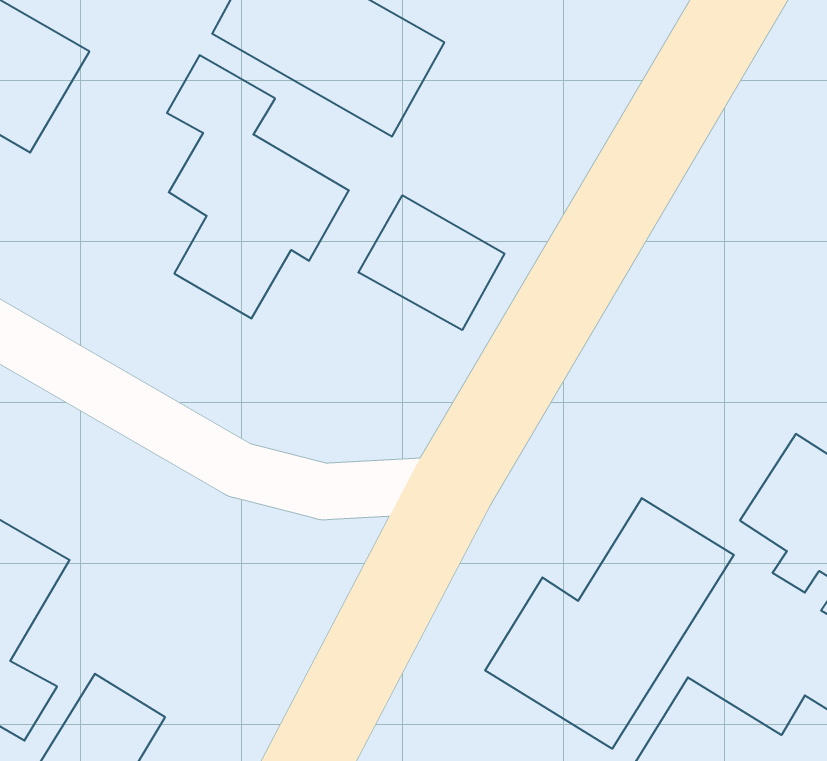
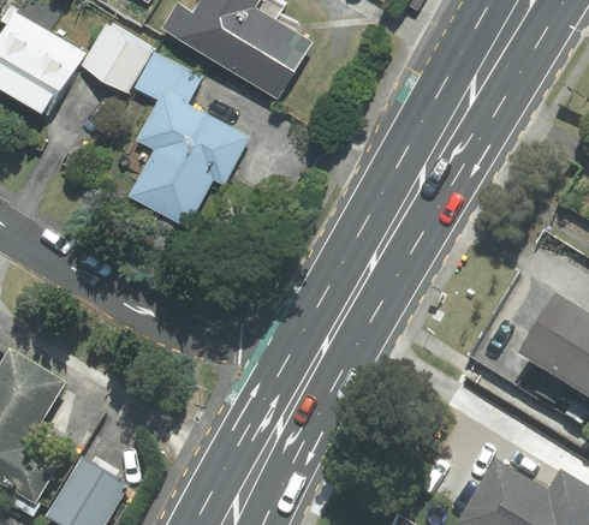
building: none -> [79,18,151,90]
building: [358,195,505,330] -> none
building: [485,498,734,749] -> none

